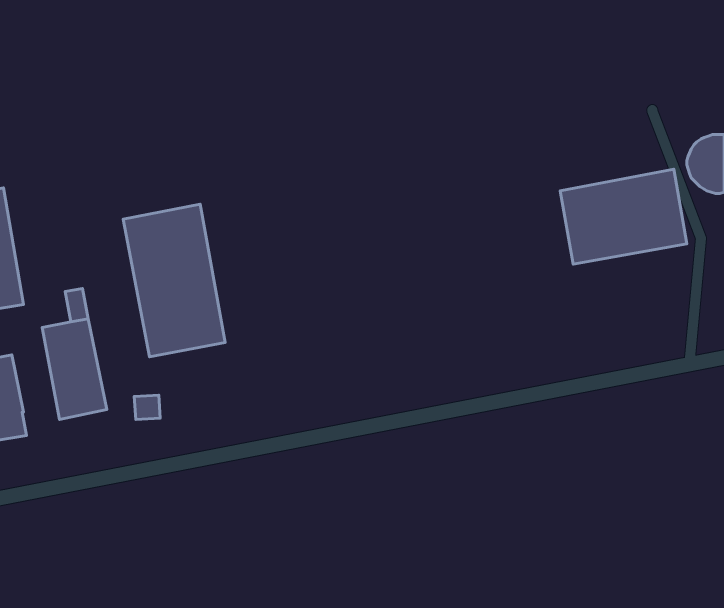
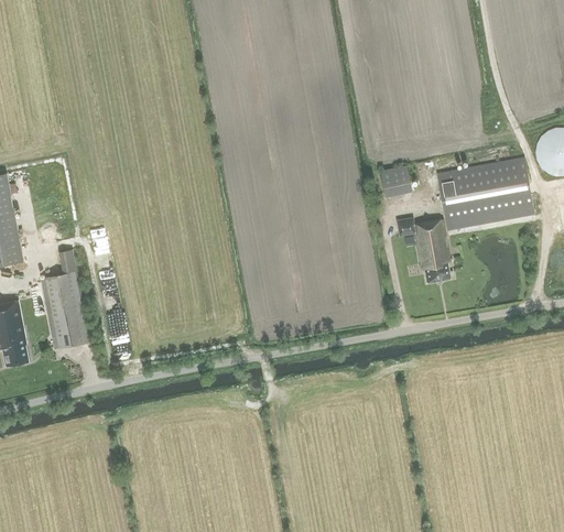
building: none -> [381,164,415,195]
building: [123,204,225,357] -> none
building: none -> [395,218,449,283]

